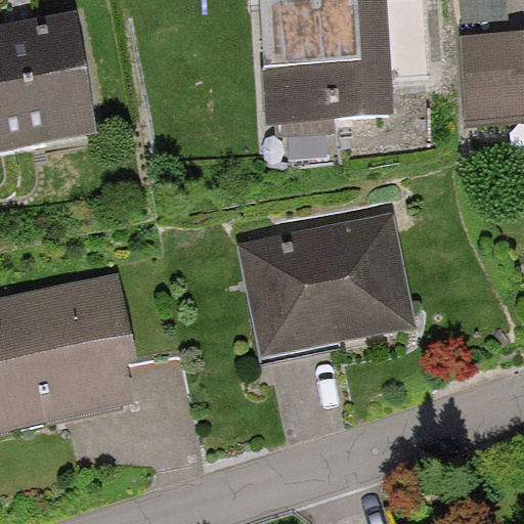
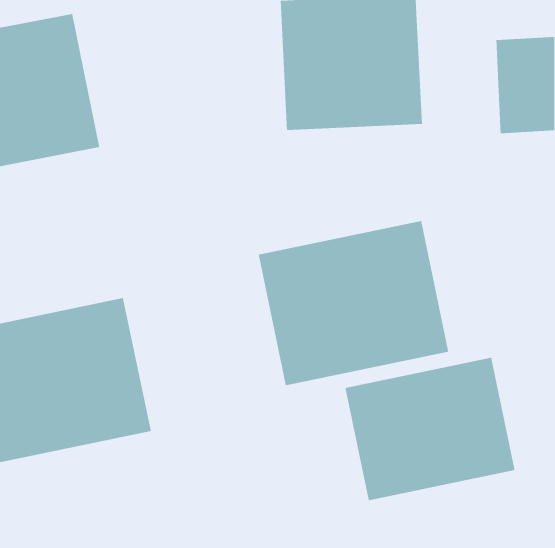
building: none -> [345,357,515,501]

